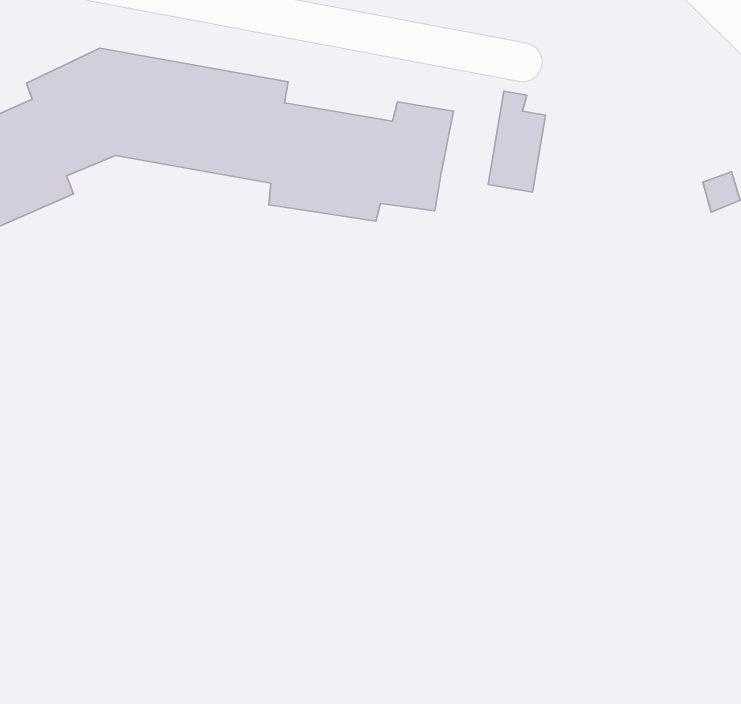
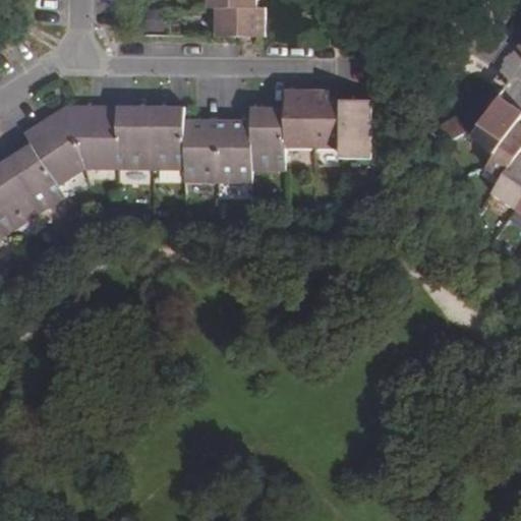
building: none -> [284,89,313,148]
building: none -> [340,100,369,158]

